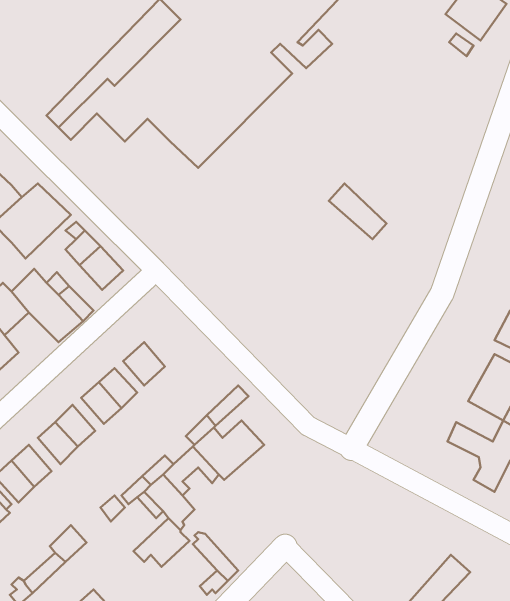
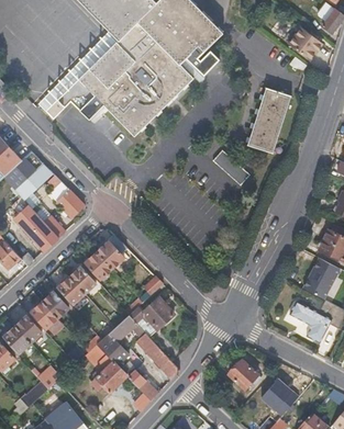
building: none -> [245,94,289,157]
building: none -> [98,234,125,264]
building: none -> [136,332,179,379]
building: none -> [228,358,257,387]

